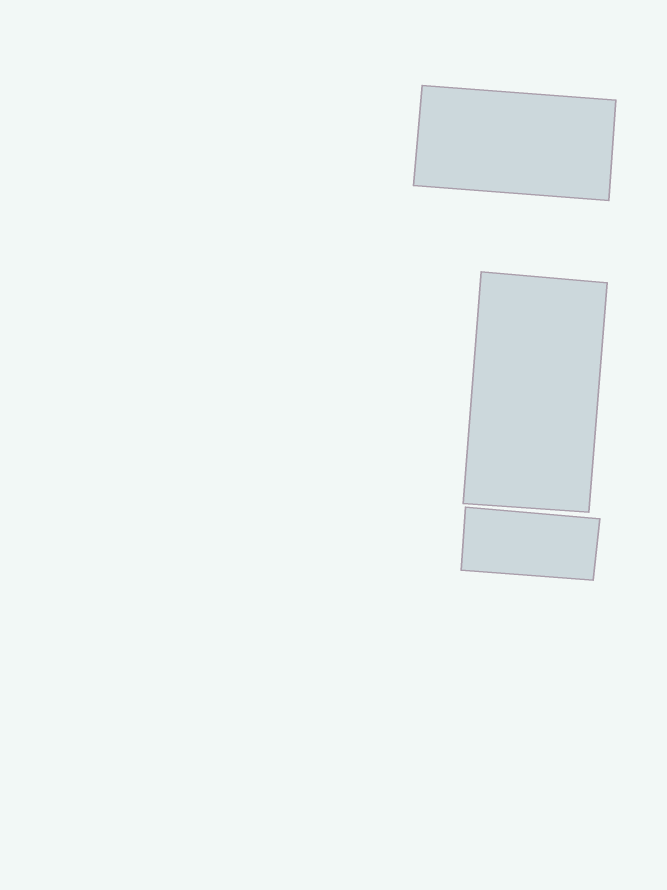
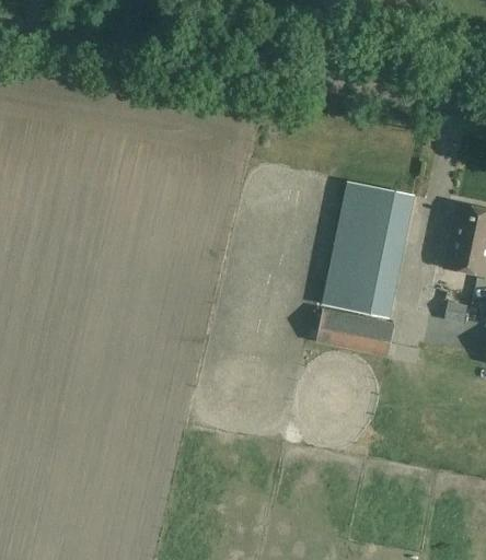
building: [413,86,616,201] -> none

